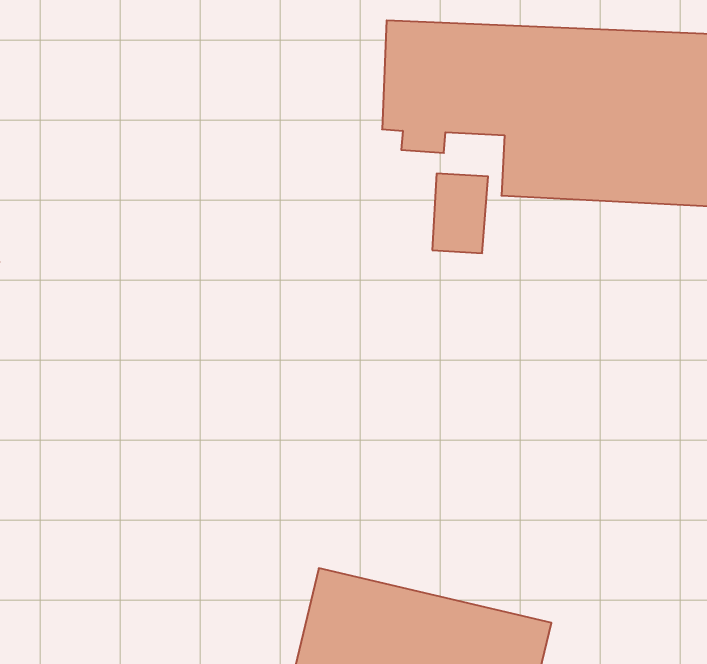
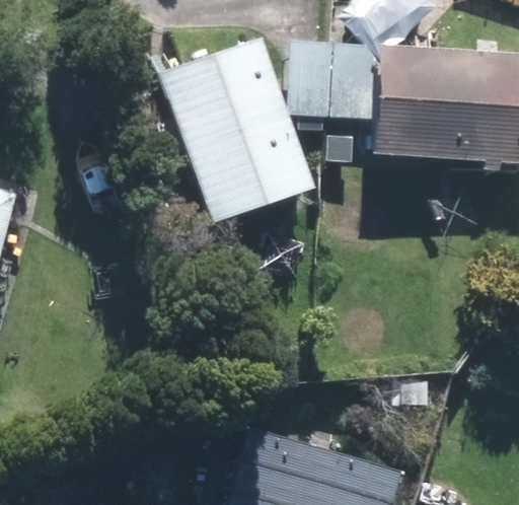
building: none -> [159,40,314,224]

